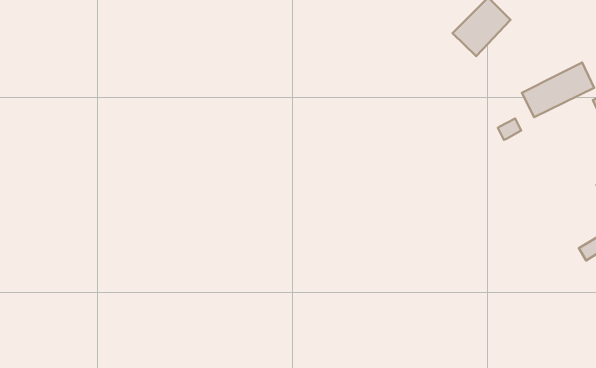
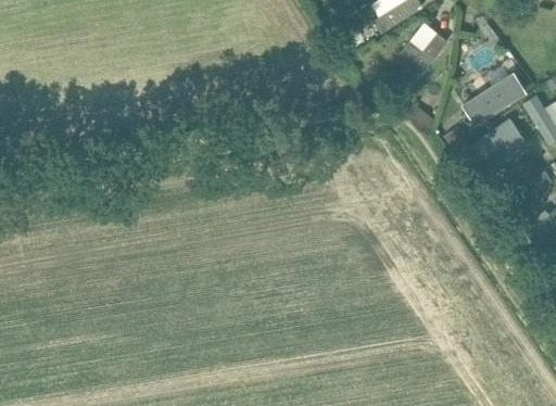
building: none -> [479,122,528,168]

